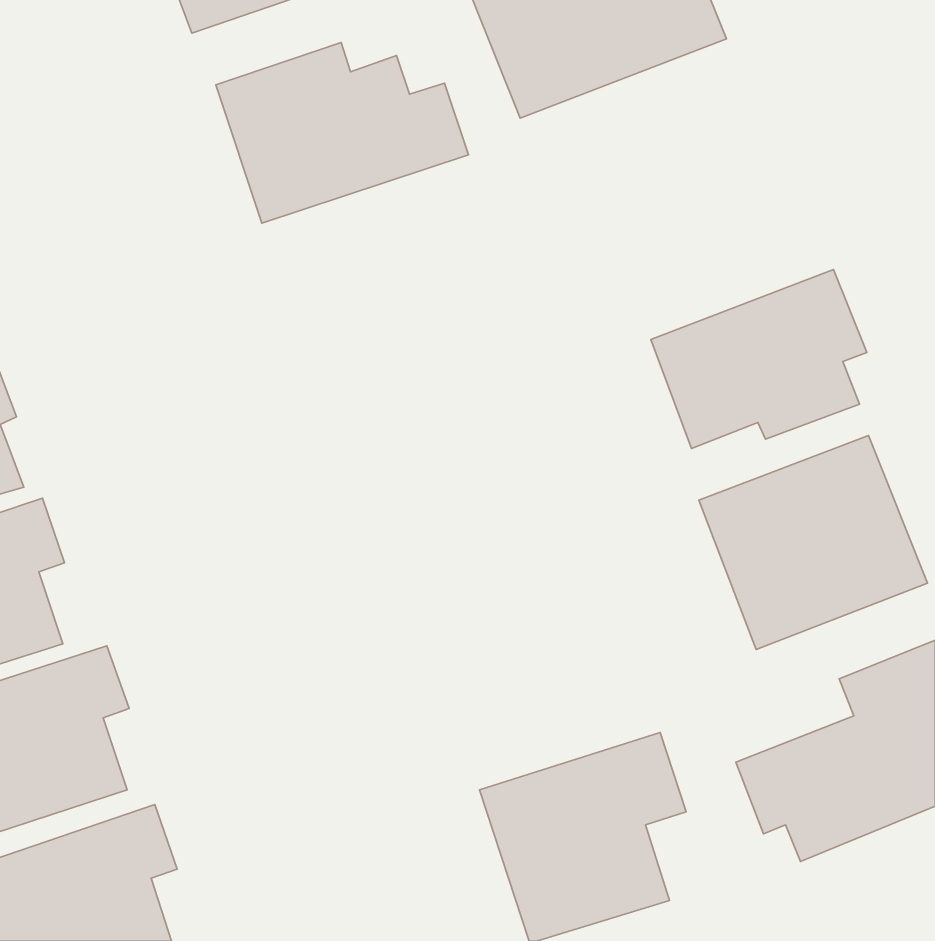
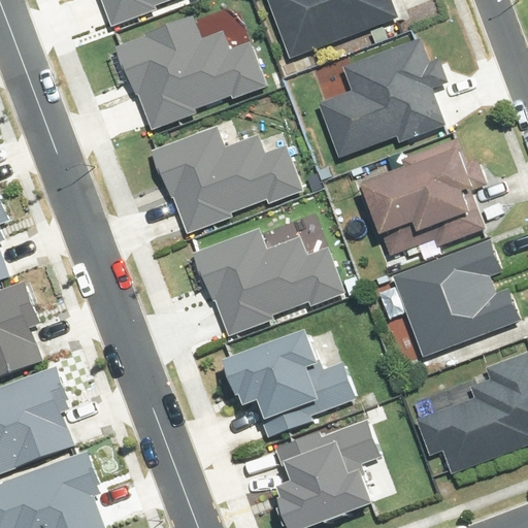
building: none -> [307,43,443,170]
building: none -> [161,127,302,228]
building: none -> [195,229,336,330]
building: none -> [226,315,355,427]

